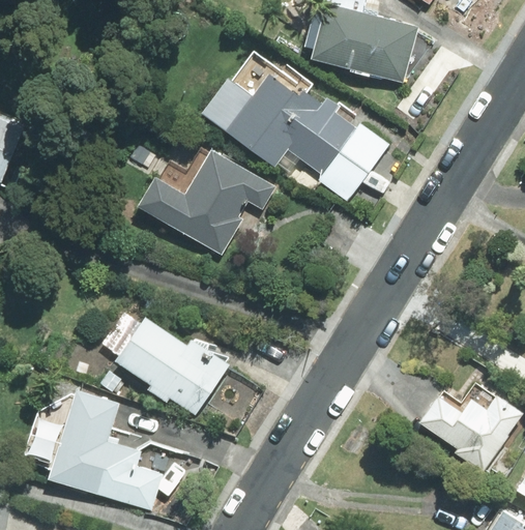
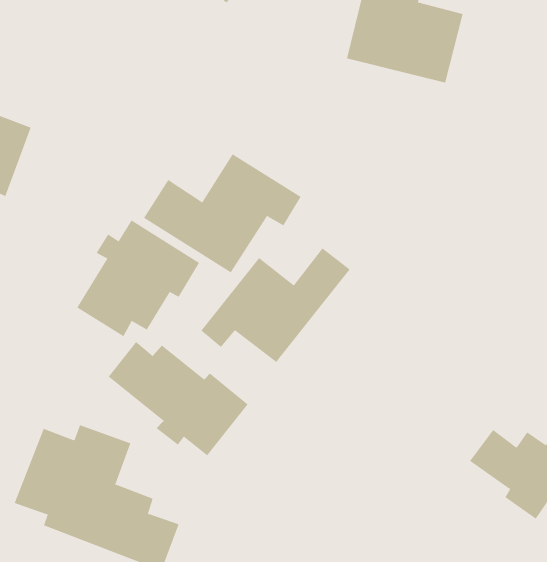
building: [205,64,389,204] -> none
building: none -> [76,220,200,337]
building: none -> [201,247,351,363]

